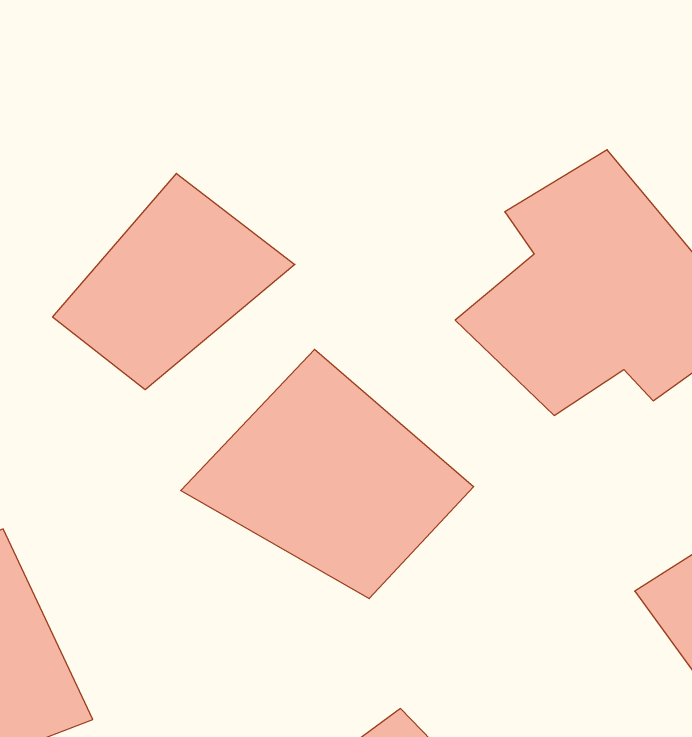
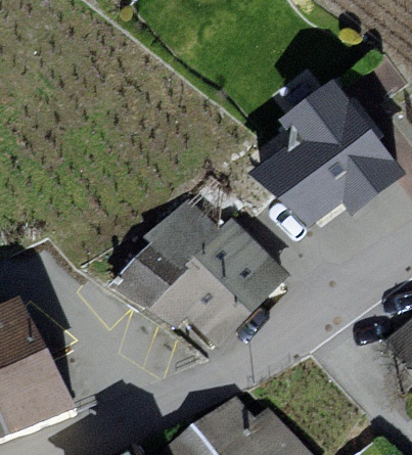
building: [53,173,295,390] -> none

